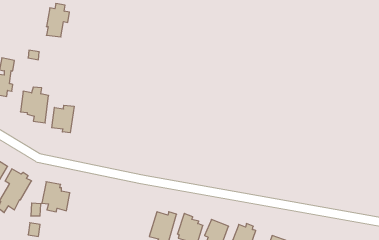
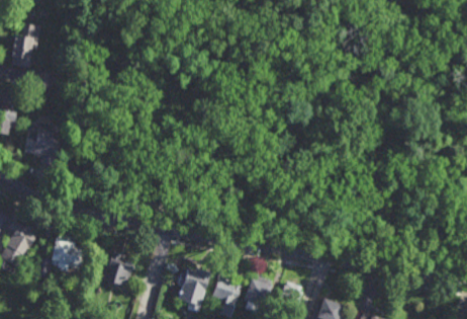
building: [46,4,69,37] -> [12,27,39,67]
building: [52,105,74,133] -> none
building: none -> [103,252,133,288]

